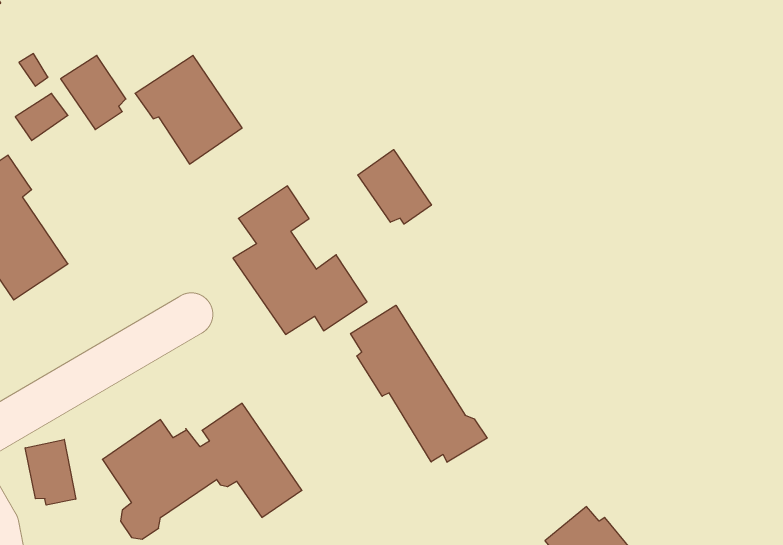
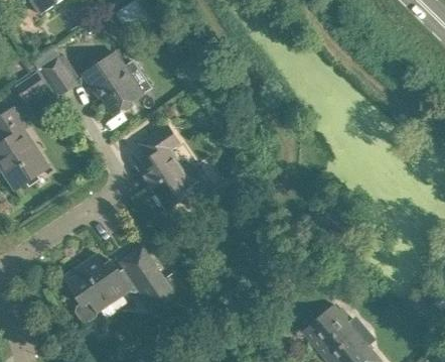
building: [358,150,431,224] -> none
building: [351,305,487,462] -> none
building: [25,439,76,505] -> none

